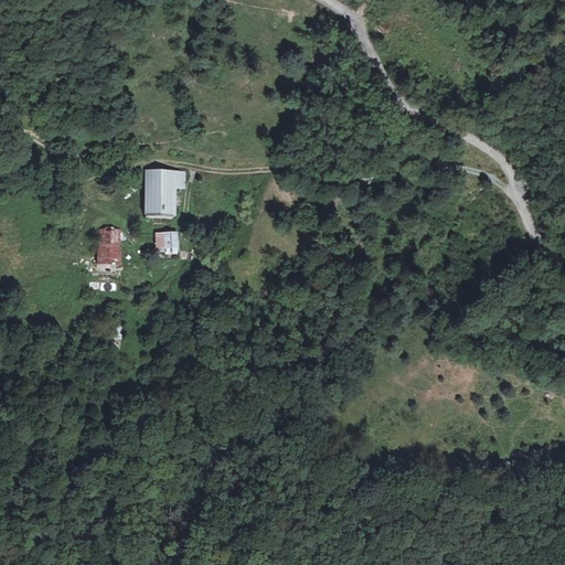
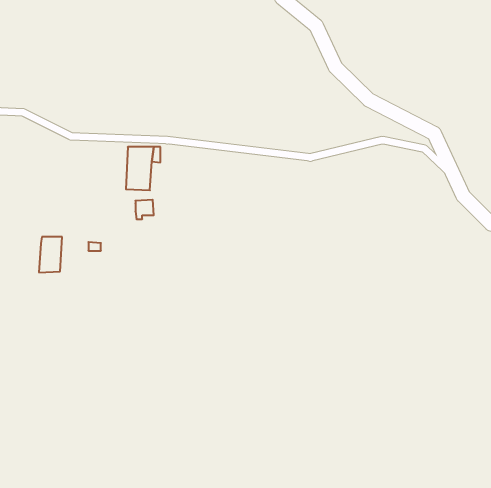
building: [96,230,122,270] -> [39,237,62,272]

